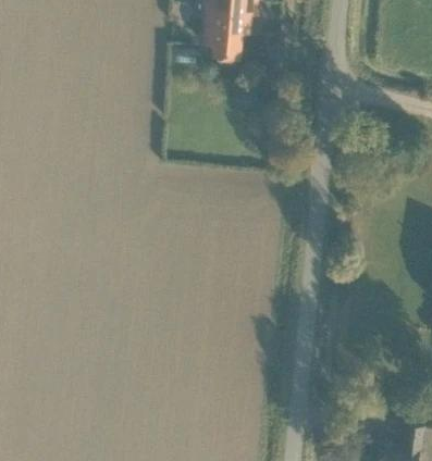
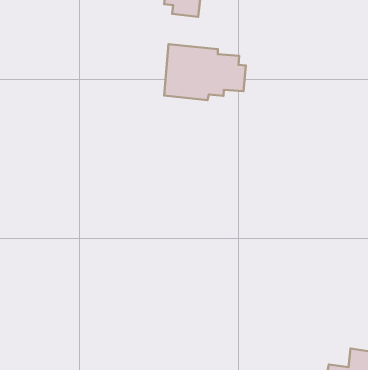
building: none -> [164,44,246,100]

